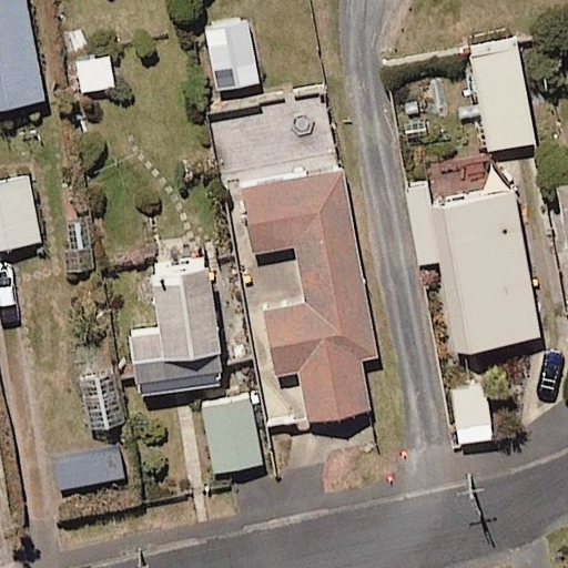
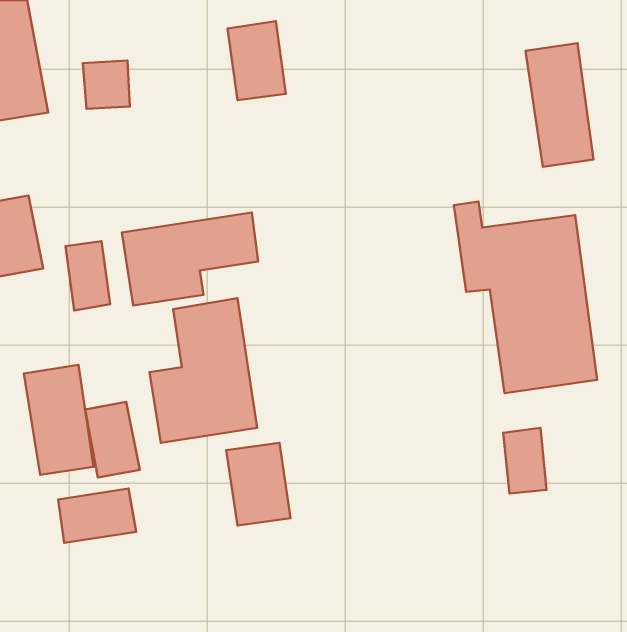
building: [243,171,376,422] -> none
building: none -> [122,212,258,305]
building: none -> [24,365,94,475]

